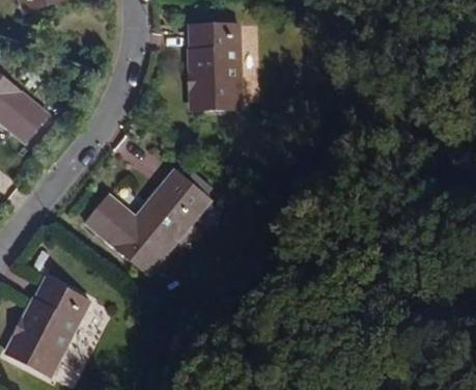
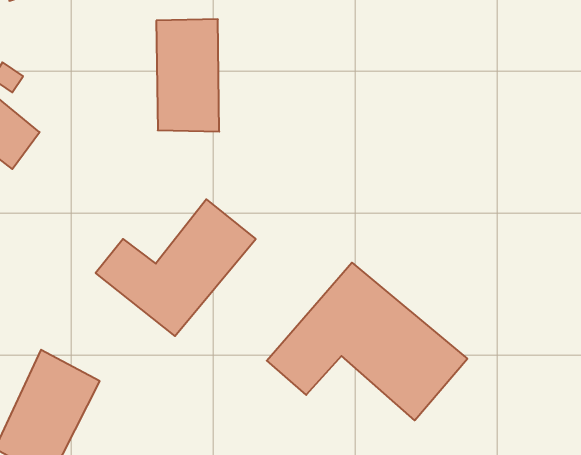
building: [192,26,240,111] -> [156,19,219,132]
building: none -> [267,263,467,420]

